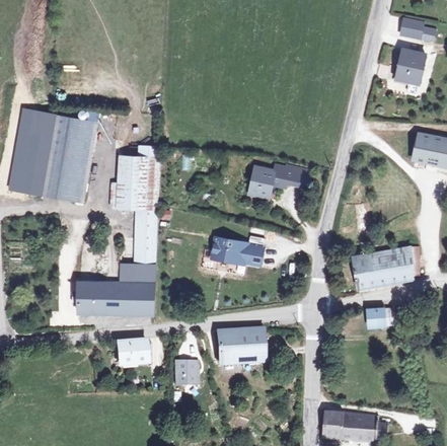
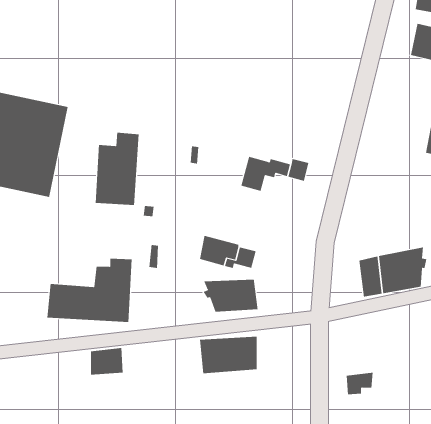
building: [133,210,155,258] -> none
building: none -> [203,279,258,312]
building: [370,305,394,325] -> [346,372,373,395]
building: [170,360,193,384] -> none

